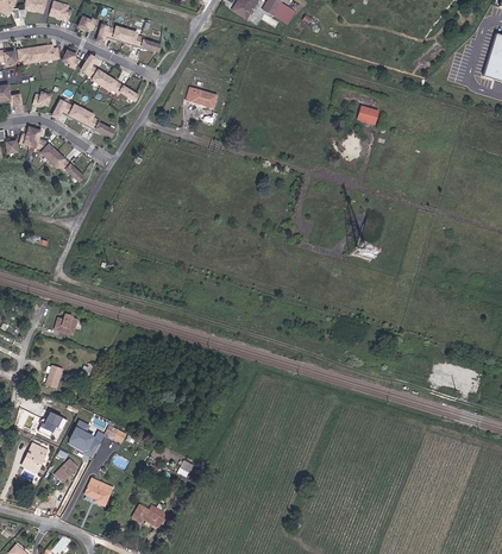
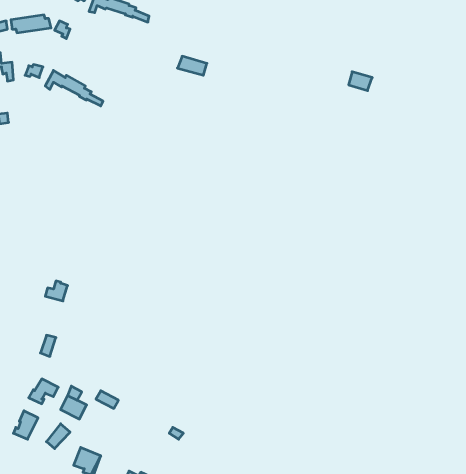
building: [81,56,136,100] -> none
building: [21,128,83,182] -> none

